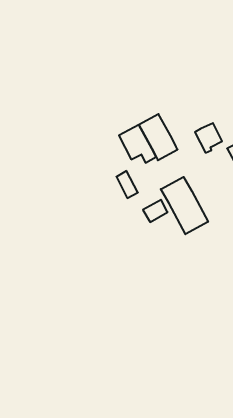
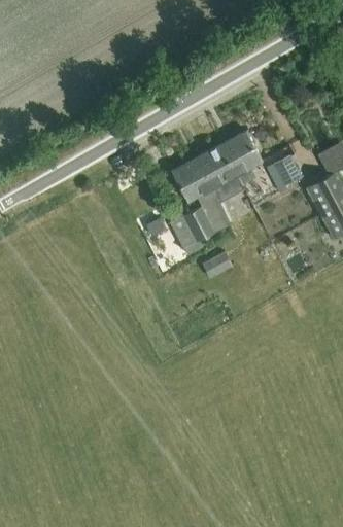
building: none -> [221,131,263,174]
building: none -> [181,206,214,242]
building: [161,177,208,234] -> none

